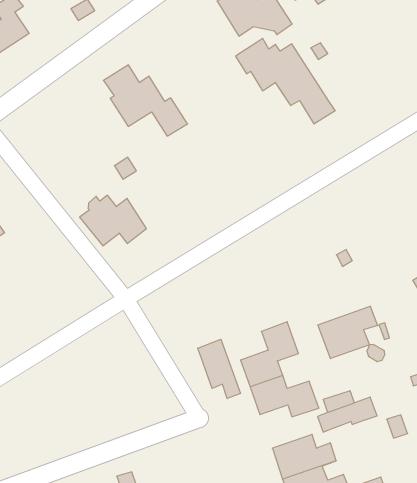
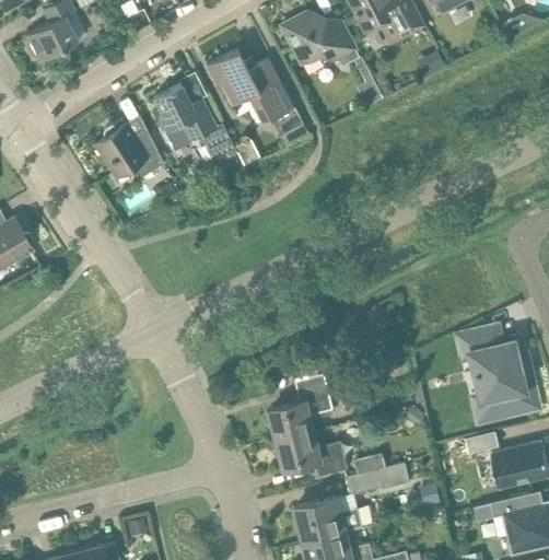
building: [236,38,335,124] -> [207,49,307,145]
building: [80,195,146,246] -> [93,124,163,177]
building: [318,306,378,359] -> none
building: [198,339,240,399] -> none

